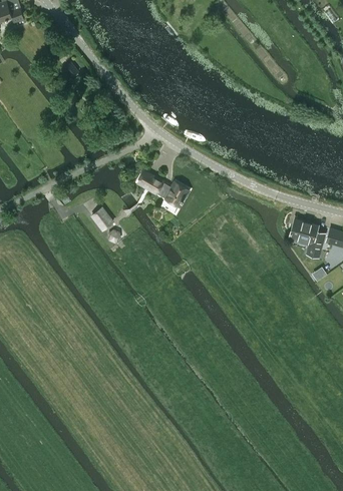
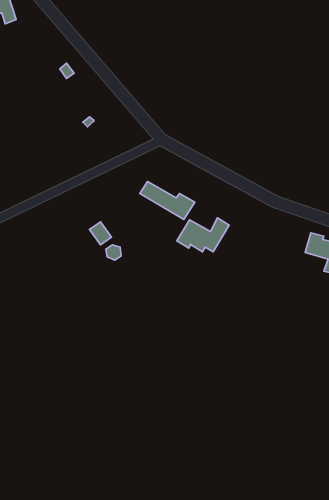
building: none -> [177,218,229,252]

